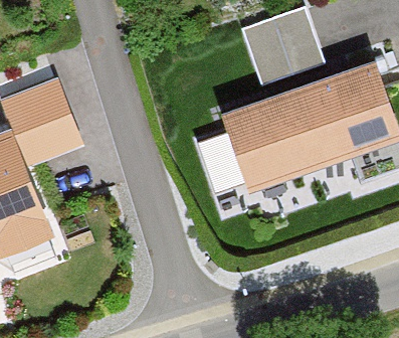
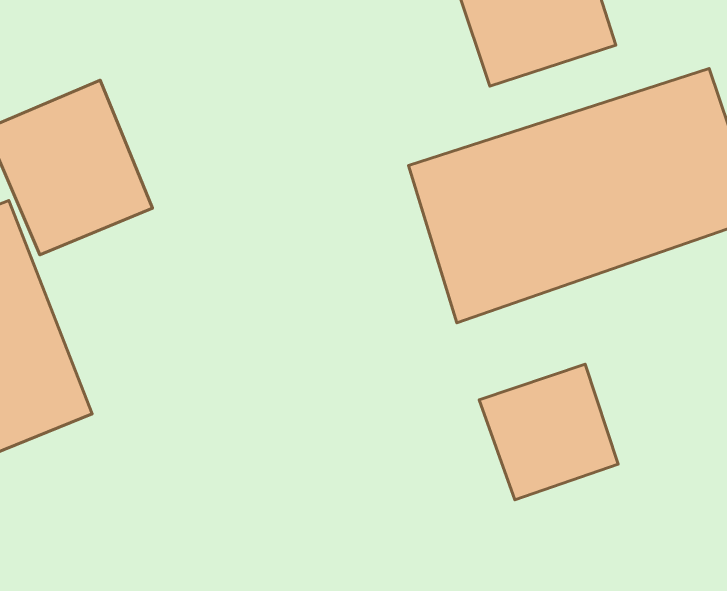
building: none -> [479,364,618,500]

